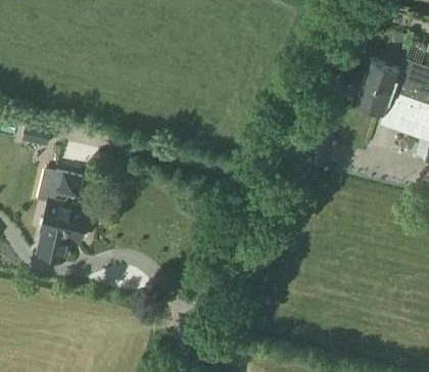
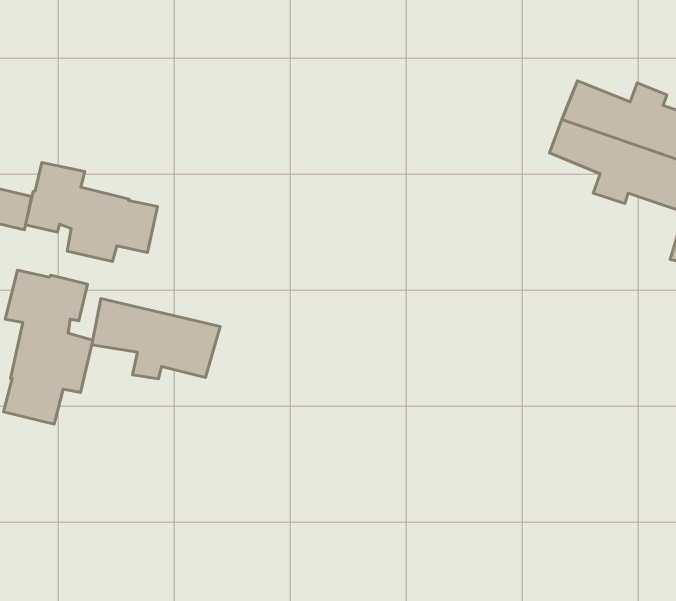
building: none -> [26,162,158,262]
building: none -> [92,299,220,379]

